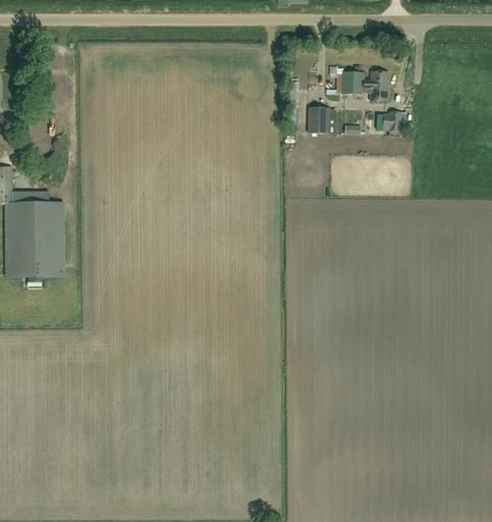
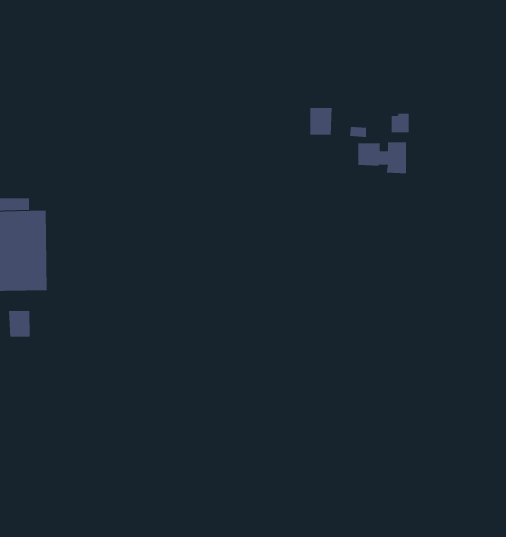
building: [341,71,387,101] -> [357,142,407,174]
building: none -> [9,310,30,338]

